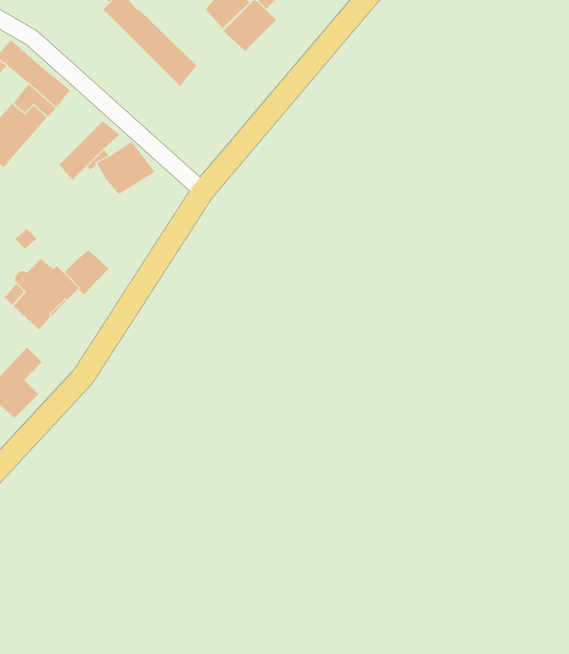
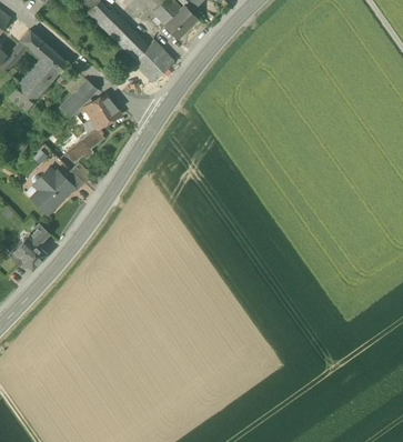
building: none -> [135,40,175,81]
building: none -> [67,119,105,163]

